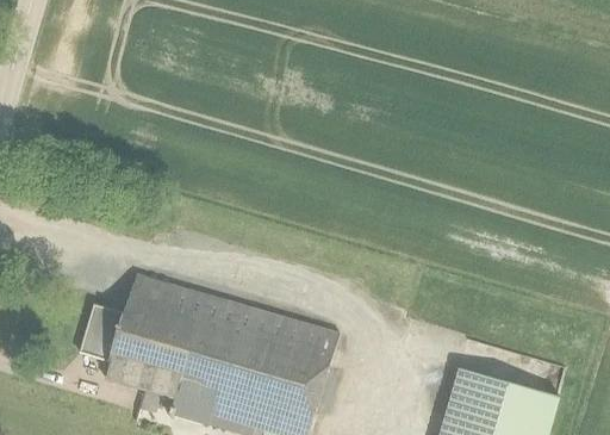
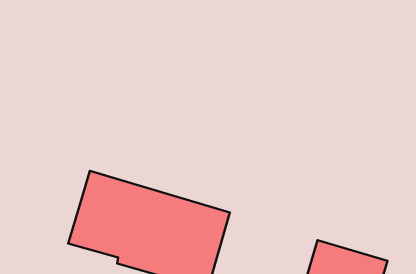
building: [79,304,122,360] -> none

